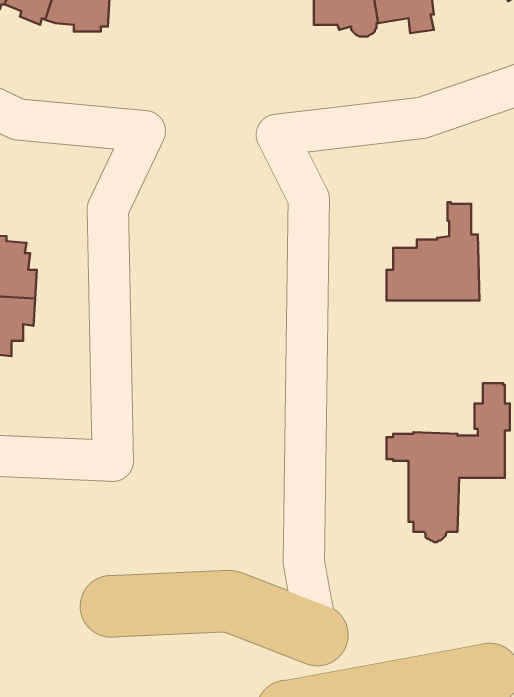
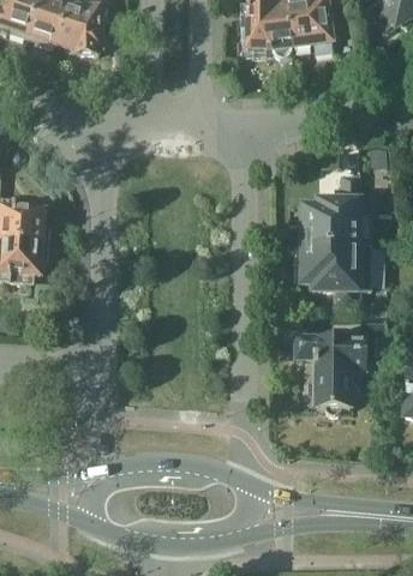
building: none -> [298,244,375,305]

